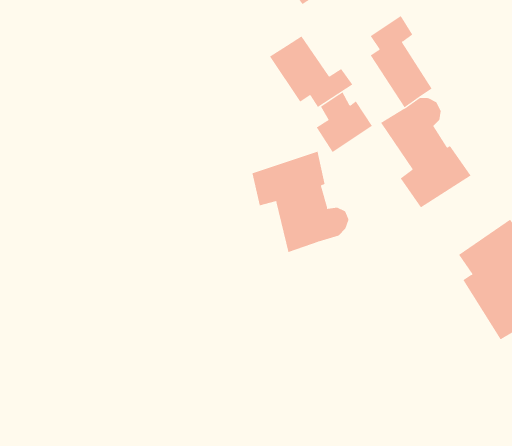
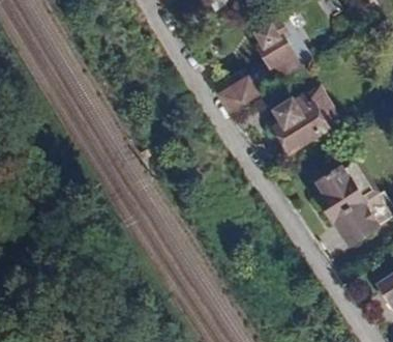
building: [269,35,353,108] -> none
building: [252,151,349,253] -> none

